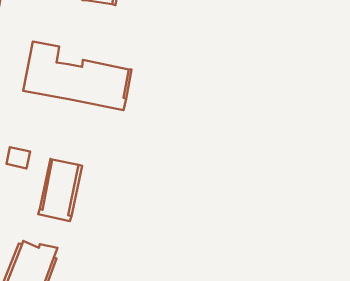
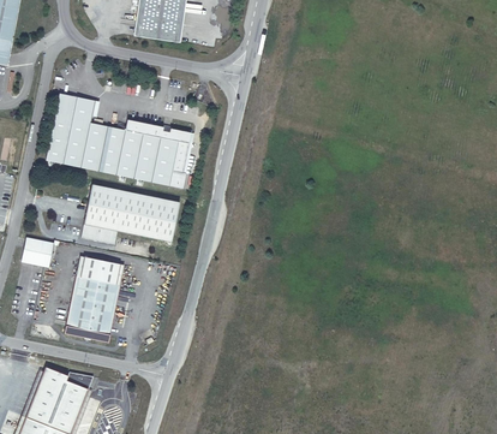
building: none -> [82,185,180,245]

